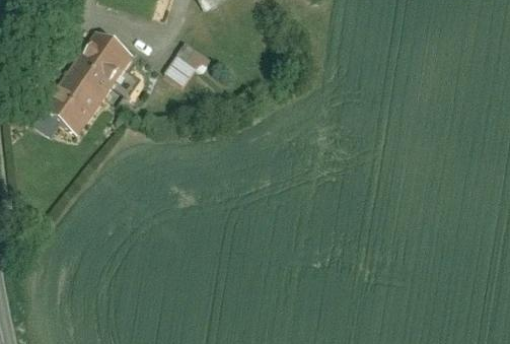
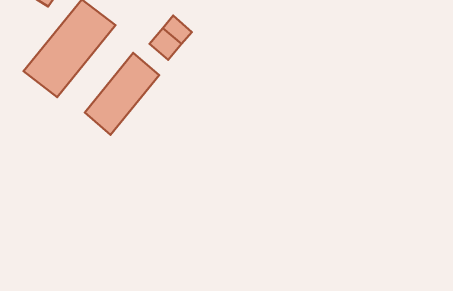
building: none -> [85,53,159,135]

